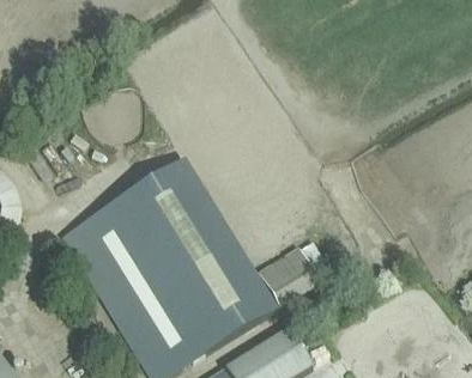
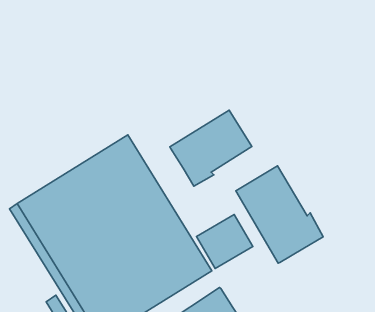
building: none -> [170,110,252,186]
building: none -> [236,166,323,263]

